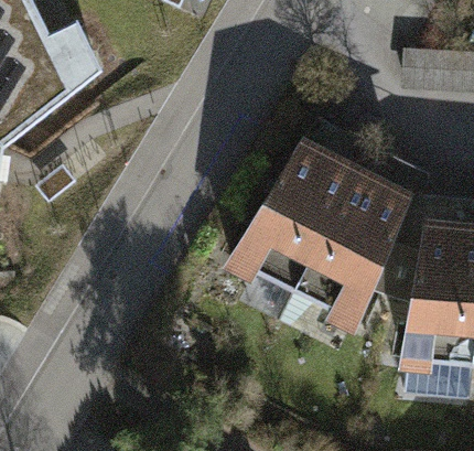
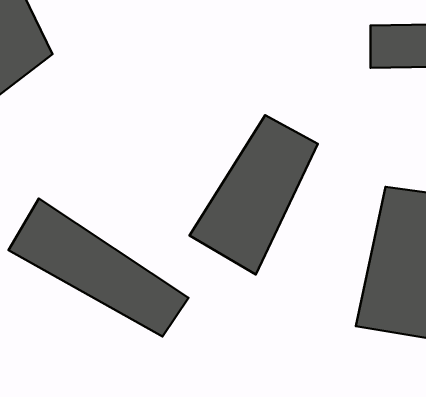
building: [289,175,414,342] -> none
building: none -> [8,198,188,337]

